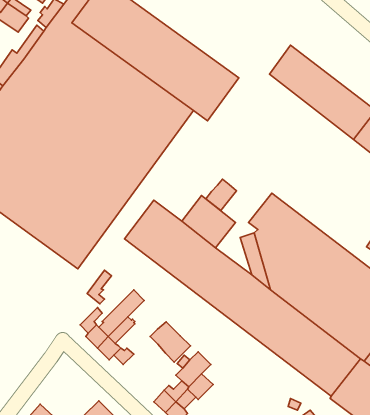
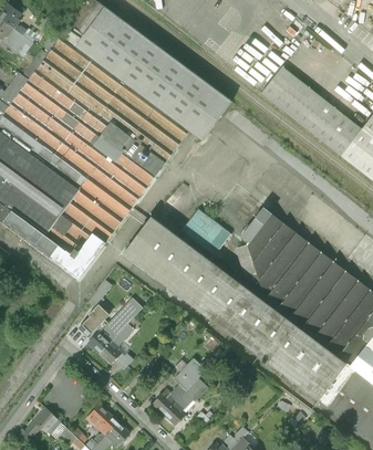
building: [206,179,236,211] -> none
building: [150,322,191,362] -> none

